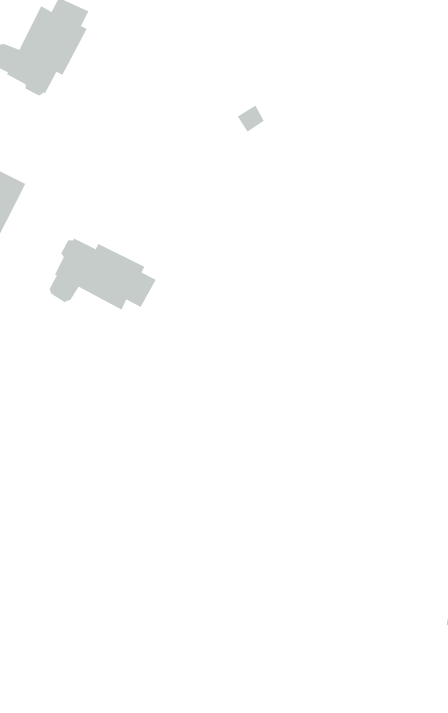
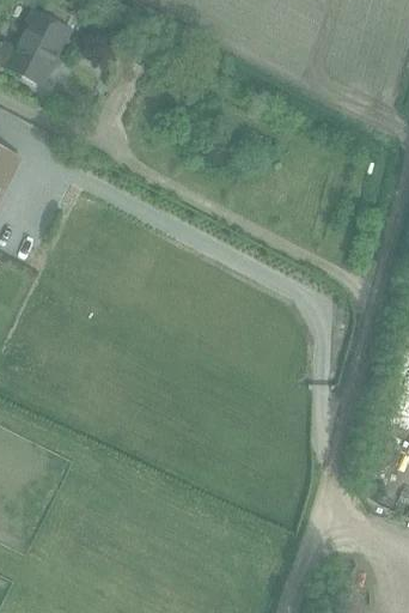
building: [49,238,157,310] -> none

